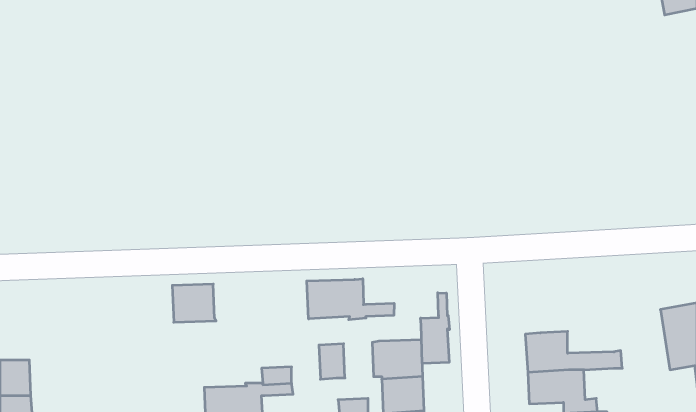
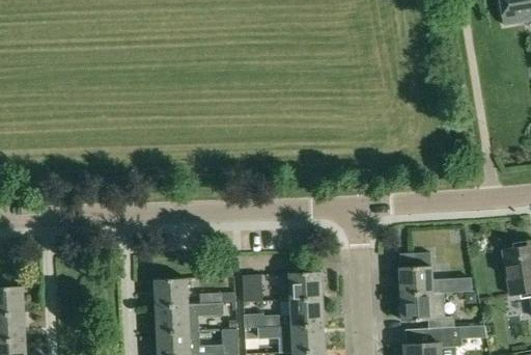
building: [307,279,394,320] -> none
building: [172,284,216,322] -> [155,279,188,308]
building: [421,293,449,364] -> none

